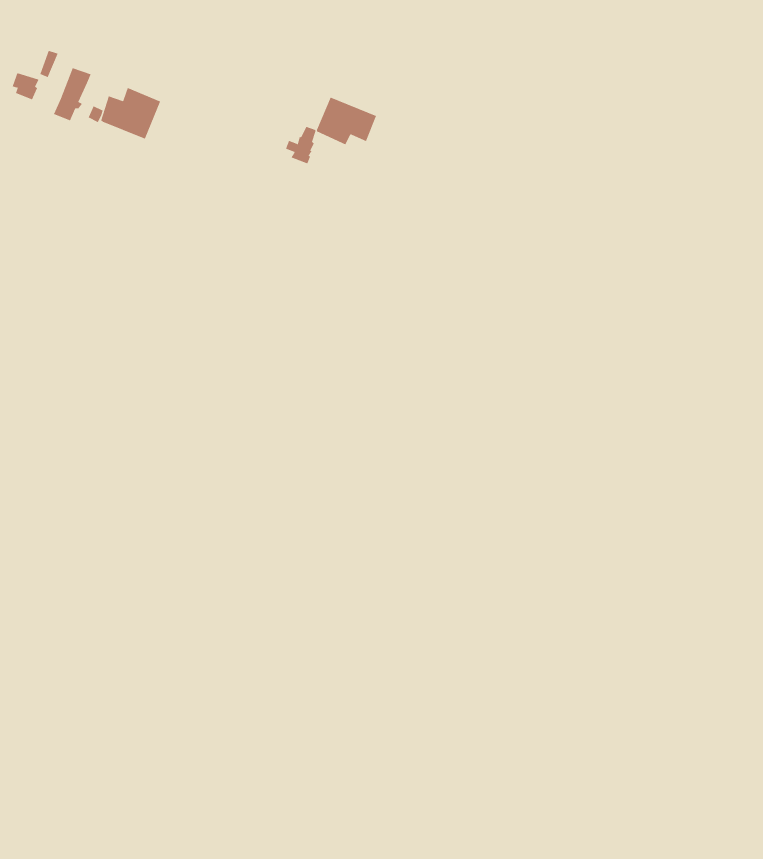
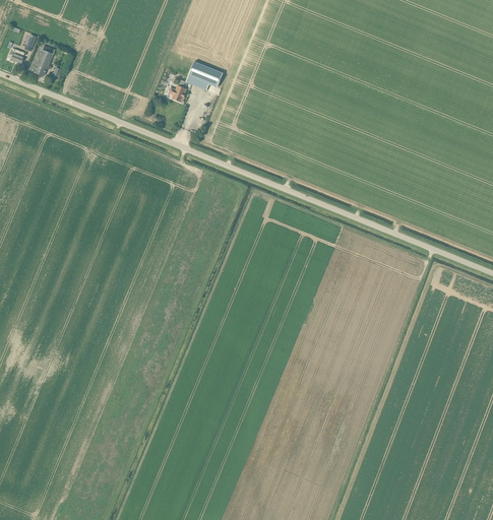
building: [101,87,161,139] -> none

